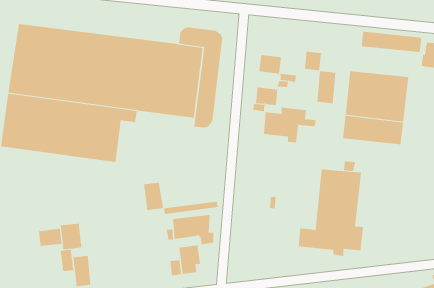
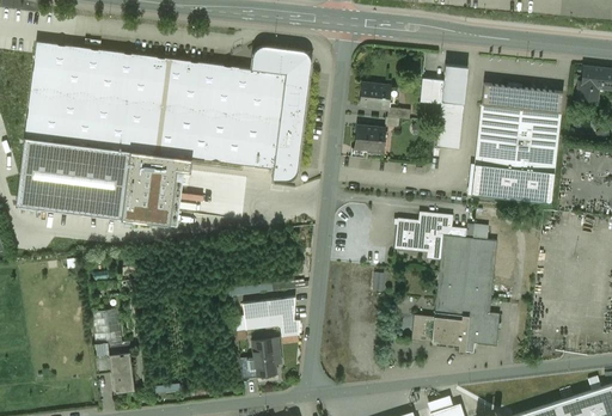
building: [361,31,422,53] -> [481,85,563,114]
building: none -> [441,66,467,108]
building: [263,107,316,143] -> [394,213,466,261]
building: [143,182,163,211] -> none
building: [39,228,62,246] -> none

